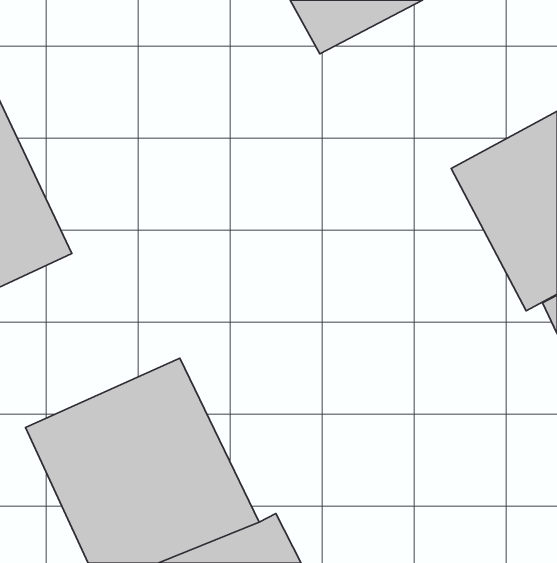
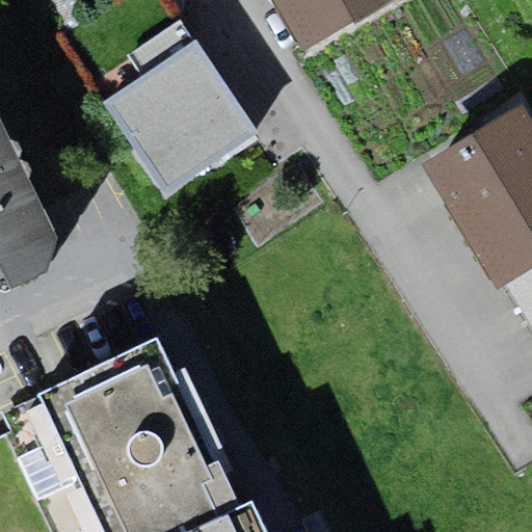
building: none -> [100,38,261,201]

